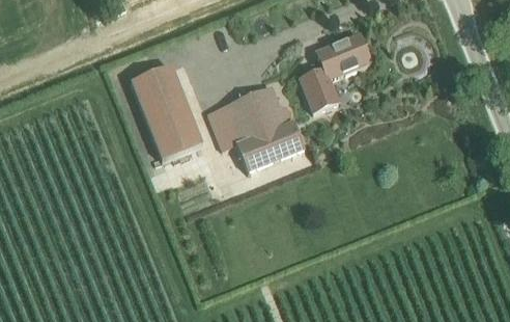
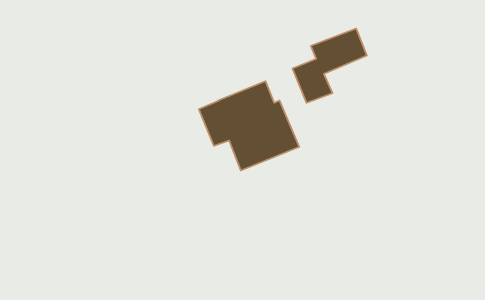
building: [131,65,203,161] -> none

